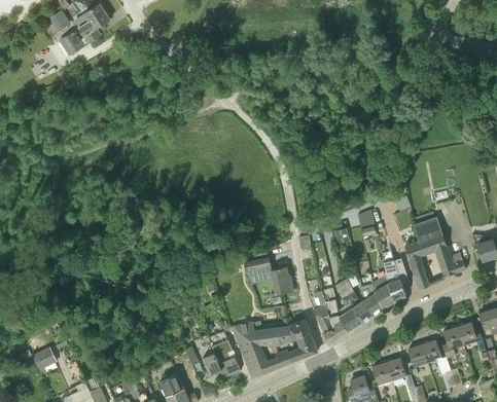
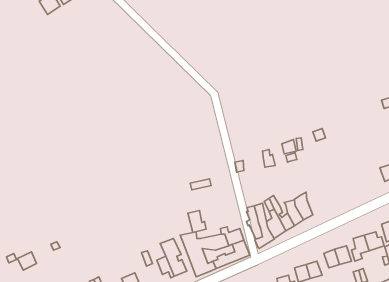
building: [404,216,465,290] -> none
building: [381,250,409,301] -> none
building: [270,267,292,294] -> [188,211,206,232]

